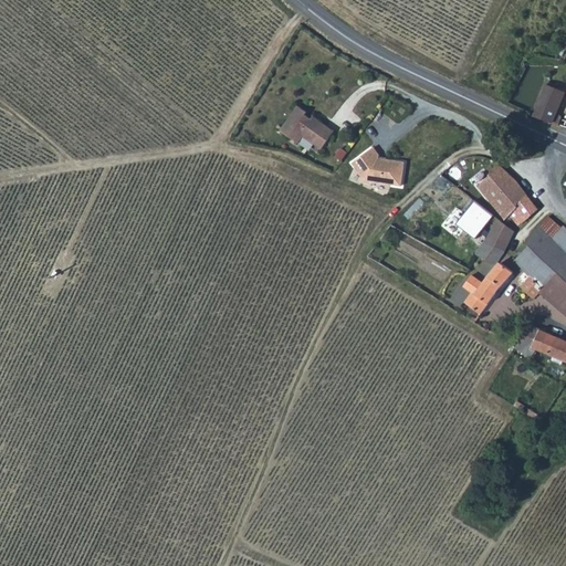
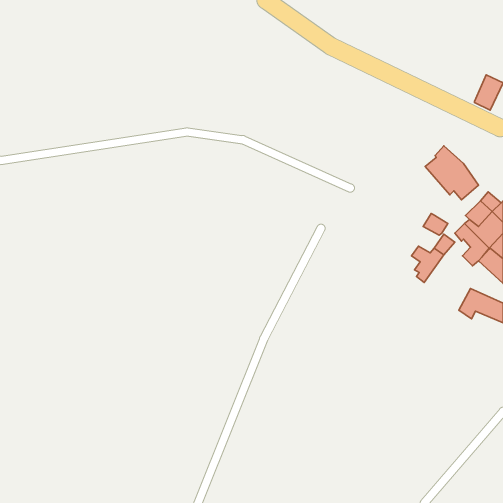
building: [281,106,336,150] -> none
building: [352,147,405,188] -> none
building: [457,201,492,237] -> none
building: [486,218,514,251] -> none

